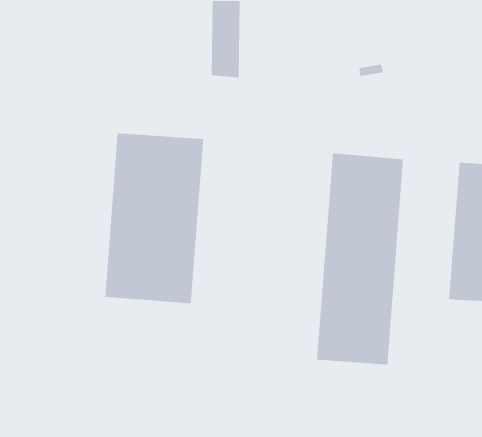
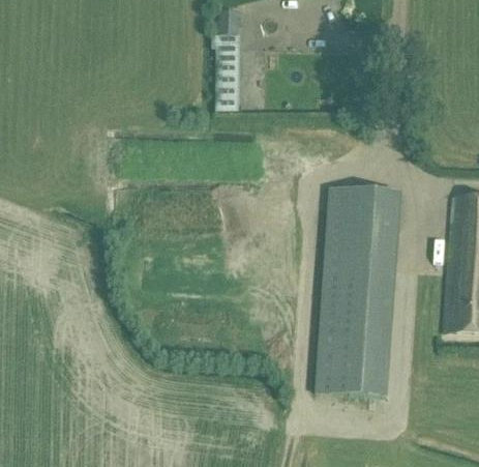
building: [105,132,204,304] -> none

